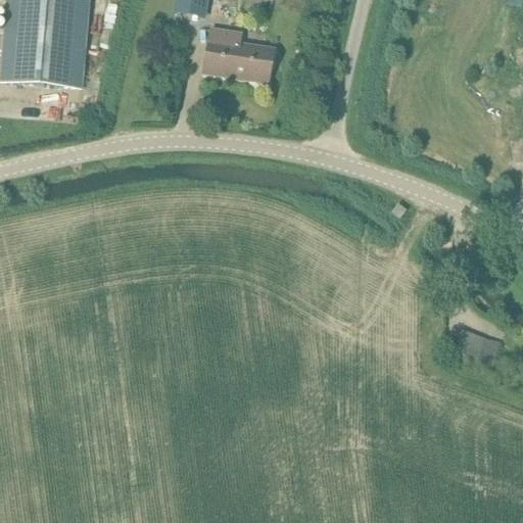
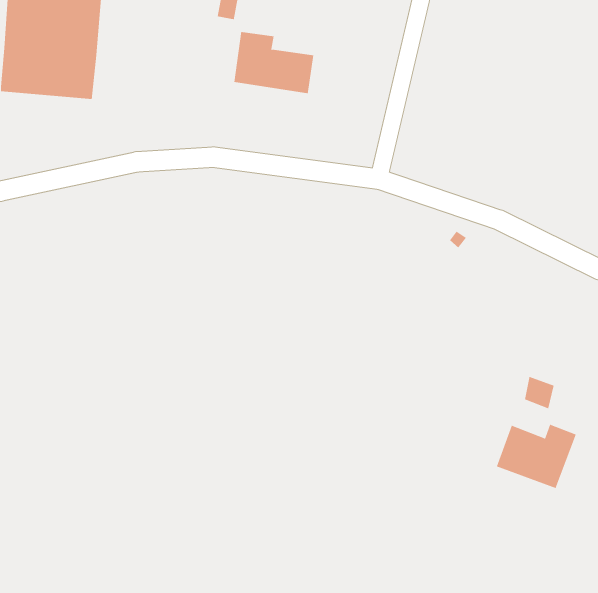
building: none -> [496,424,576,489]

